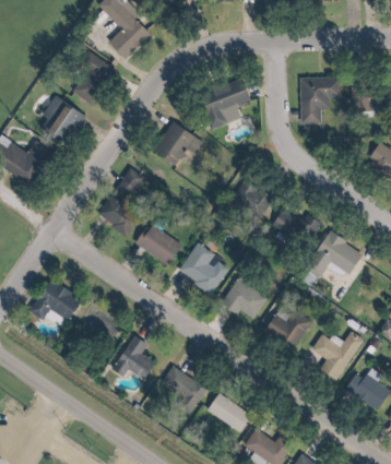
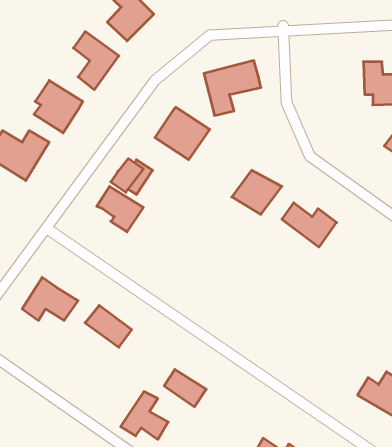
building: [299,79,339,123] -> none
building: [134,225,183,266] -> none
building: [304,229,363,277] -> none
building: [180,243,230,297] -> none
building: [221,277,270,321] -> none
building: [265,312,310,354] -> none
building: [311,331,365,381] -> none
building: [109,335,154,380] -> [121,392,168,439]
building: [205,394,249,433] -> none

